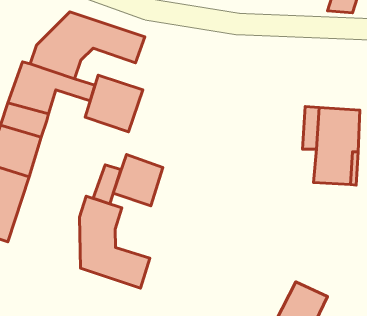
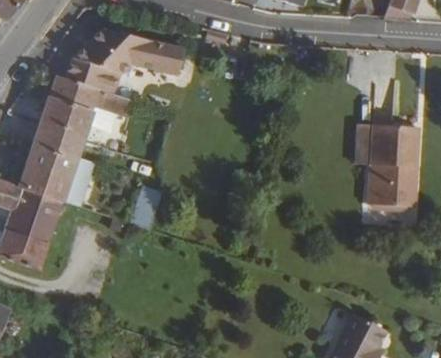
building: [85,75,143,132] -> none
building: [113,155,163,206] -> none
building: [79,196,150,288] -> none

